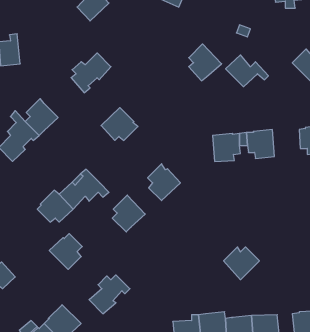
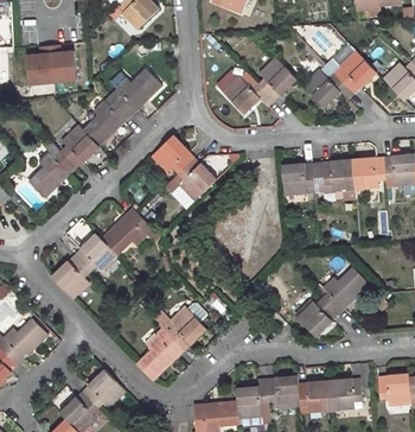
building: none -> [50,45,77,81]
building: none -> [333,51,372,95]
building: none -> [217,76,269,115]
building: none -> [82,97,129,145]
building: none -> [353,158,387,191]
building: [148,164,180,201] -> [177,155,216,199]
building: [112,195,145,232] -> [167,305,206,349]
building: none -> [321,268,370,316]
building: [49,234,82,269] -> [50,254,89,297]

